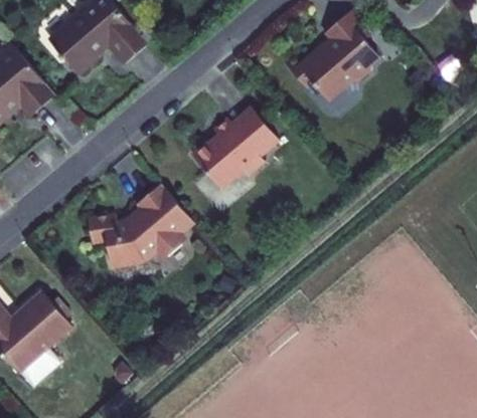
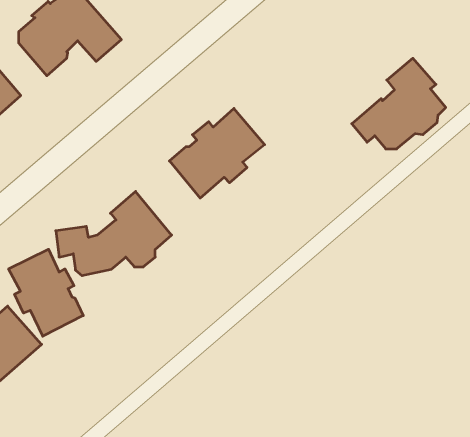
building: [292,11,378,94] -> [352,58,446,149]
building: none -> [9,249,83,336]

